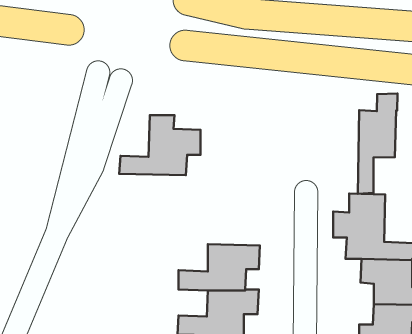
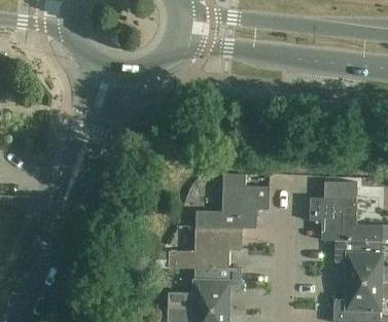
building: [358,94,398,194] -> none
building: [119,115,201,175] -> [195,173,269,227]

